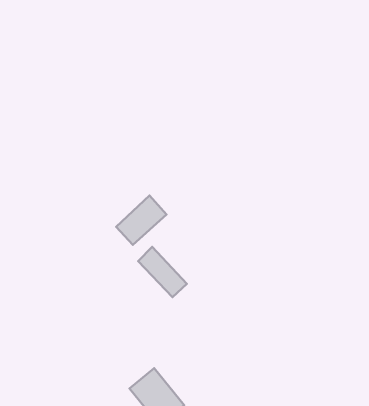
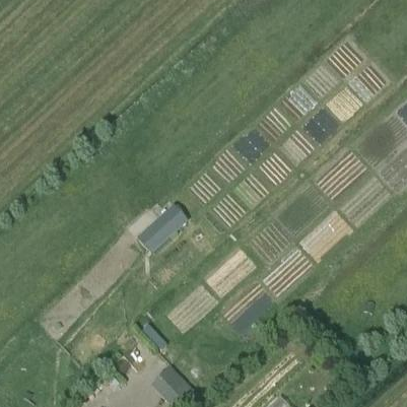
building: [138,247,187,297] -> none

